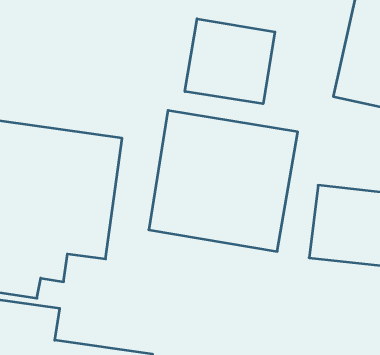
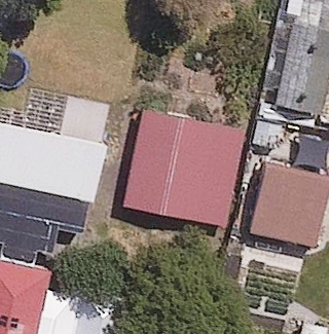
building: [185,19,275,104] -> none

